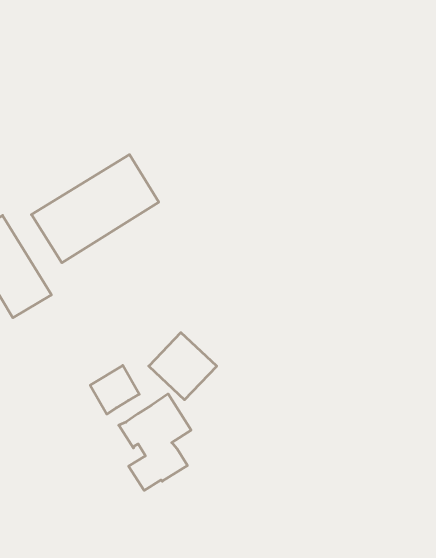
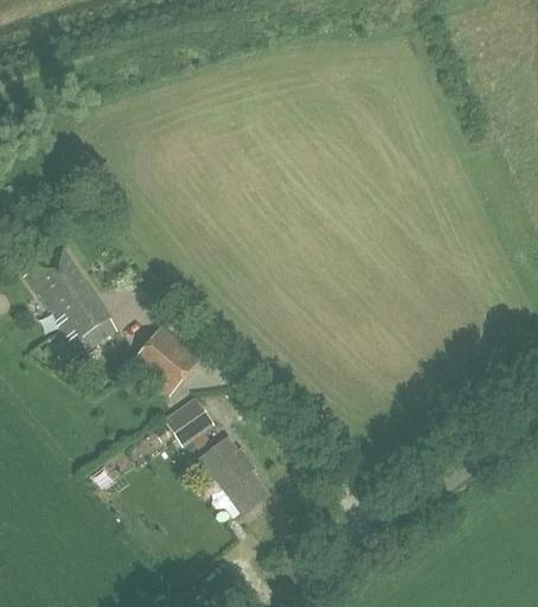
building: [31,155,159,263] -> none
building: [149,333,217,400] -> [130,326,200,395]

